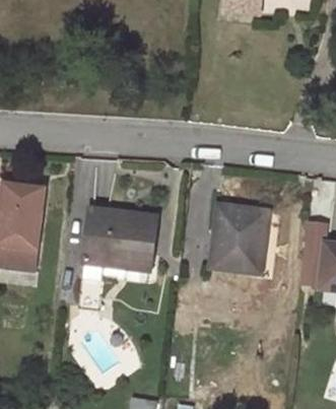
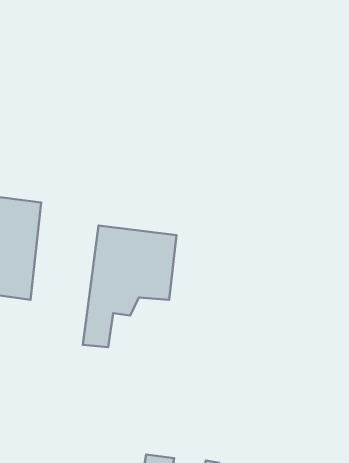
building: [211,203,268,271] -> none

